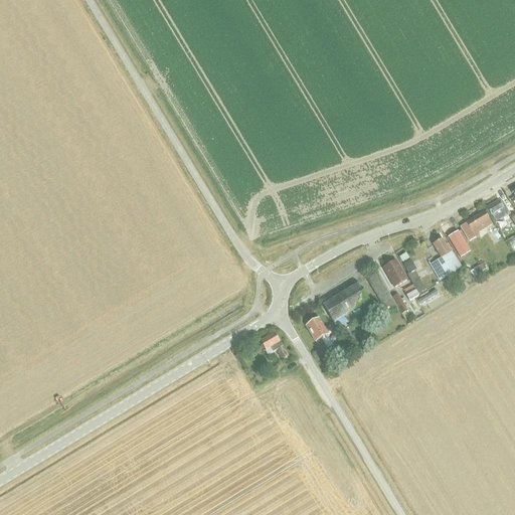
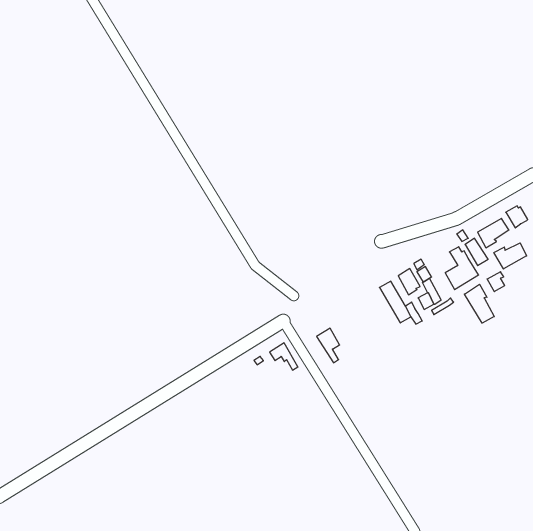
building: none -> [494,243,527,269]
building: none -> [464,284,494,323]
building: [322,282,366,319] -> none

